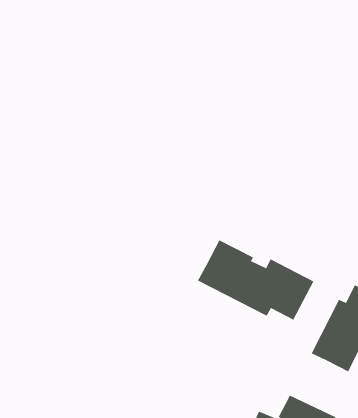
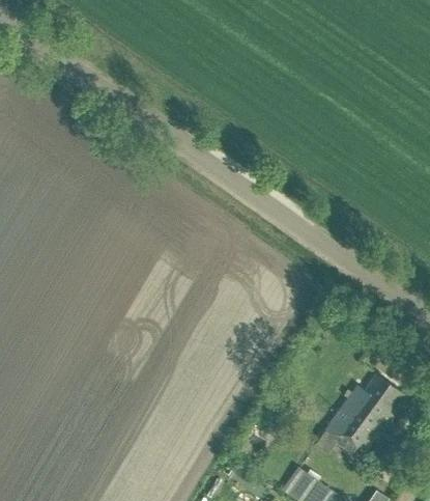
building: [197,239,314,321] -> none

